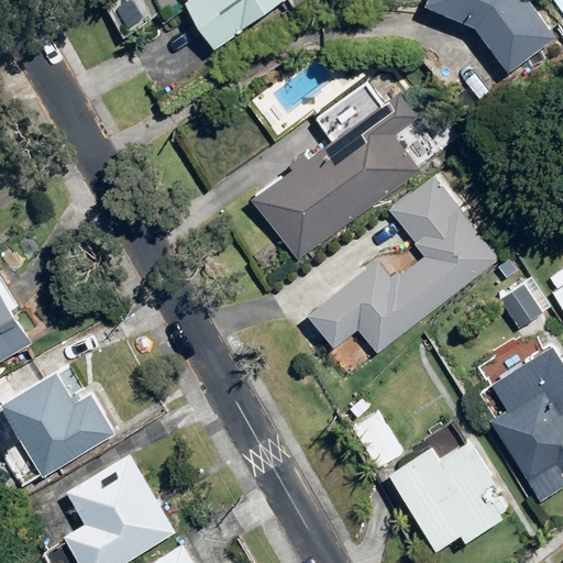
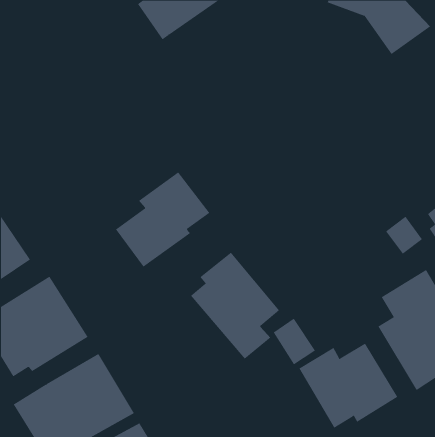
building: [251,81,421,258] -> none
building: [306,174,504,358] -> none
building: none -> [115,172,210,268]
building: none -> [190,252,280,360]

